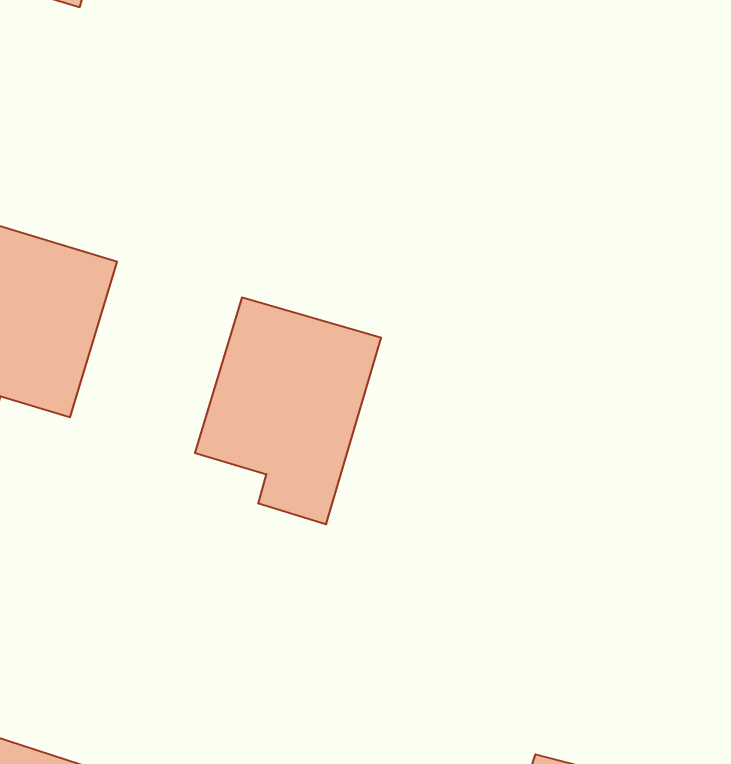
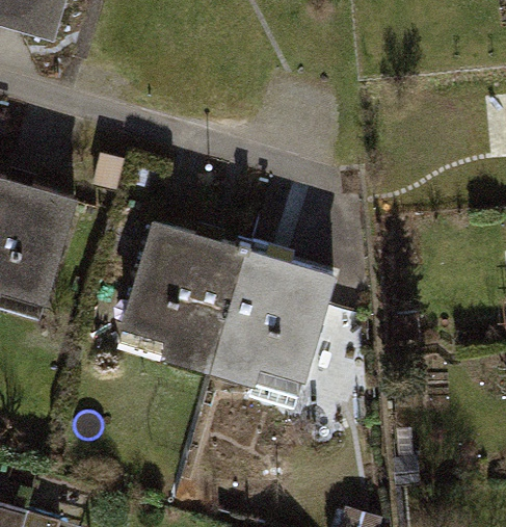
building: none -> [212,251,338,384]

